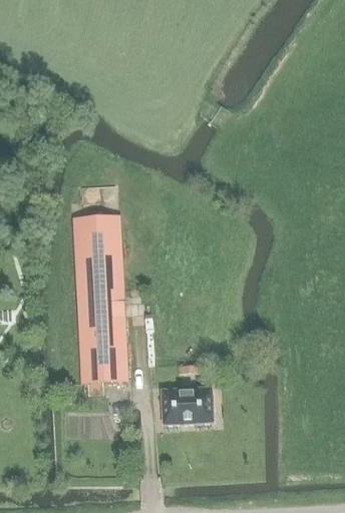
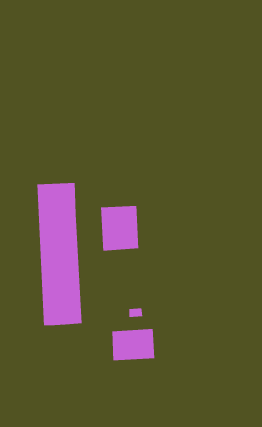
building: none -> [101,205,139,252]

